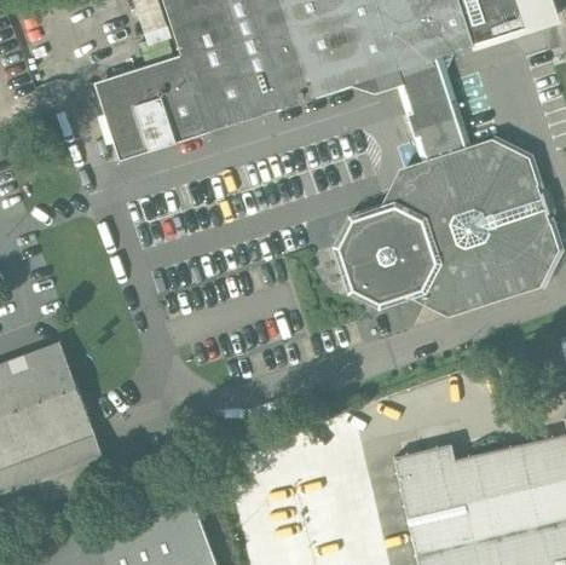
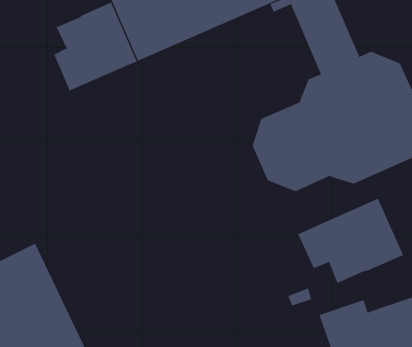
building: none -> [298,198,404,284]

